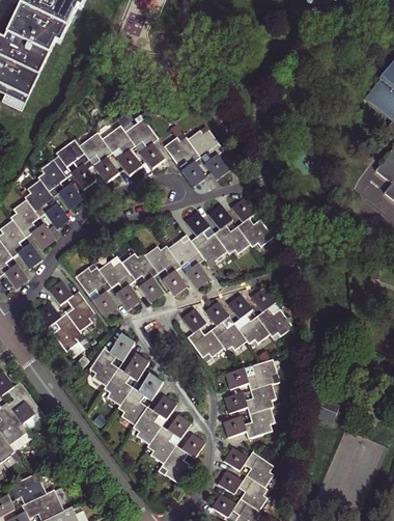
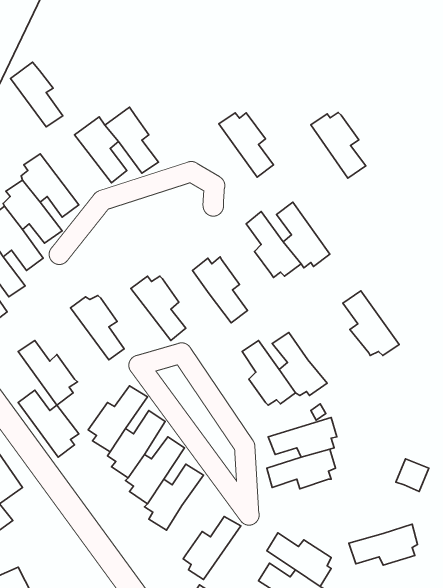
building: [124,117,165,168] -> none
building: [165,135,206,185] -> [311,112,366,178]
building: [57,139,96,188] -> [11,62,63,127]
building: [186,211,227,260] -> none
building: [145,241,186,294] -> none
building: [98,259,139,308] -> none
building: [49,279,94,330] -> [18,390,79,457]
building: [250,286,292,335] -> [343,291,399,355]
building: [181,307,223,356] -> none
building: [223,406,275,437] -> [349,524,417,565]
building: [146,413,191,463] -> none

